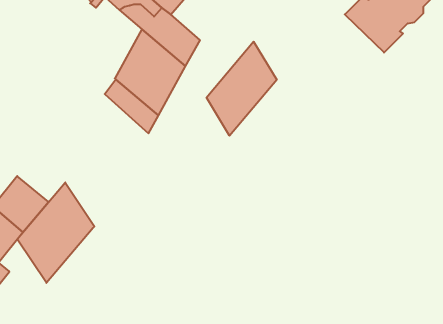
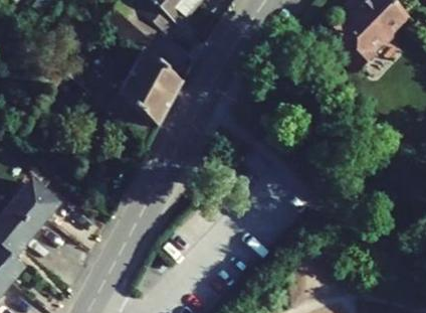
building: [207,42,277,136] -> none
building: [17,182,94,283] -> none

